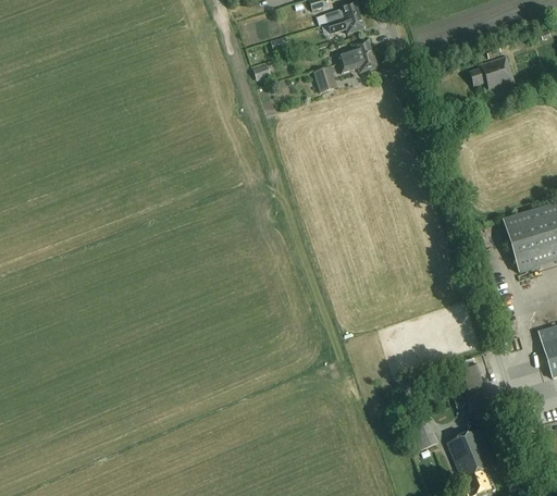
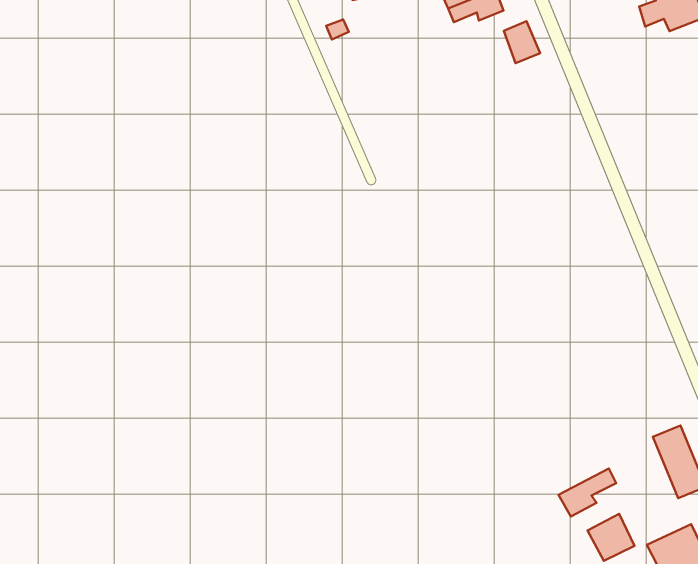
building: [313,64,337,92] -> [504,21,540,63]
building: none -> [559,469,616,517]

